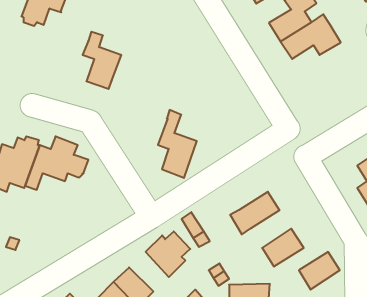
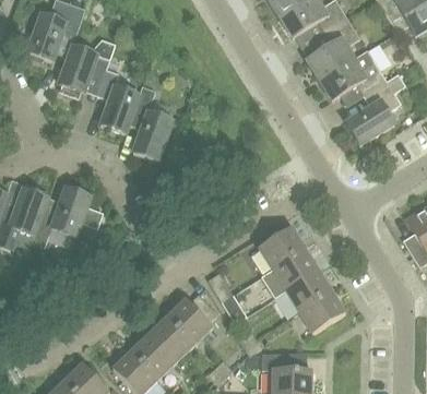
building: none -> [58,39,115,97]
building: none -> [345,73,405,145]
building: [158,110,197,178] -> [129,85,173,162]
building: none -> [258,227,305,270]
building: [299,252,340,290] -> [285,270,331,312]
building: none -> [149,317,193,361]

